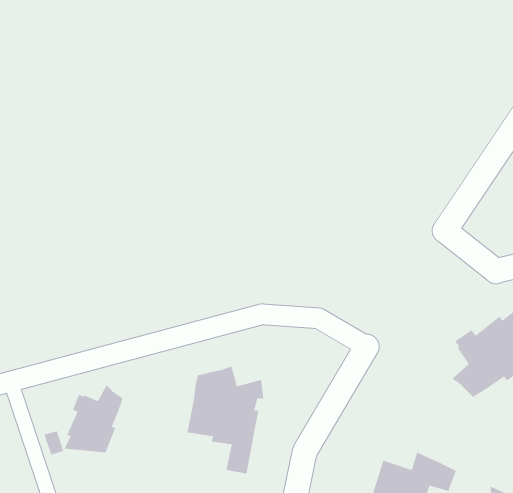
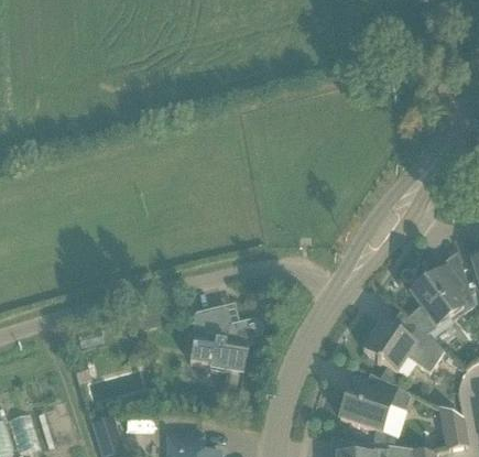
building: none -> [363,320,444,381]
building: [63,384,123,453] -> none

